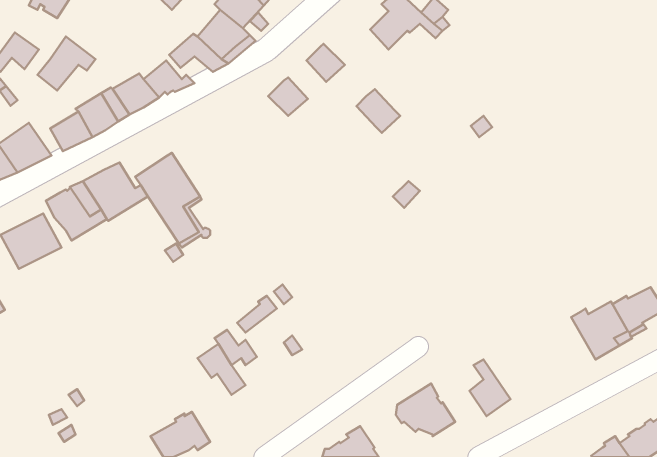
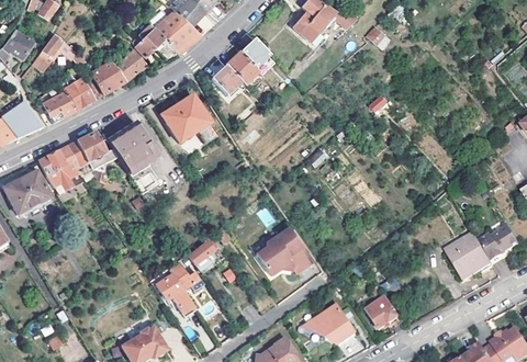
building: [356,89,400,133] -> [226,52,260,86]
building: none -> [161,93,218,143]
building: none -> [255,225,311,272]

